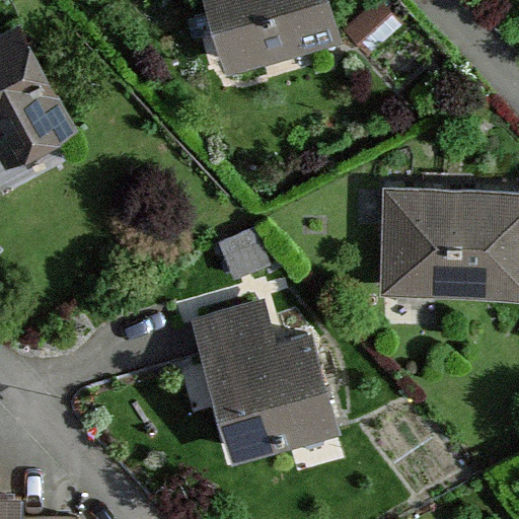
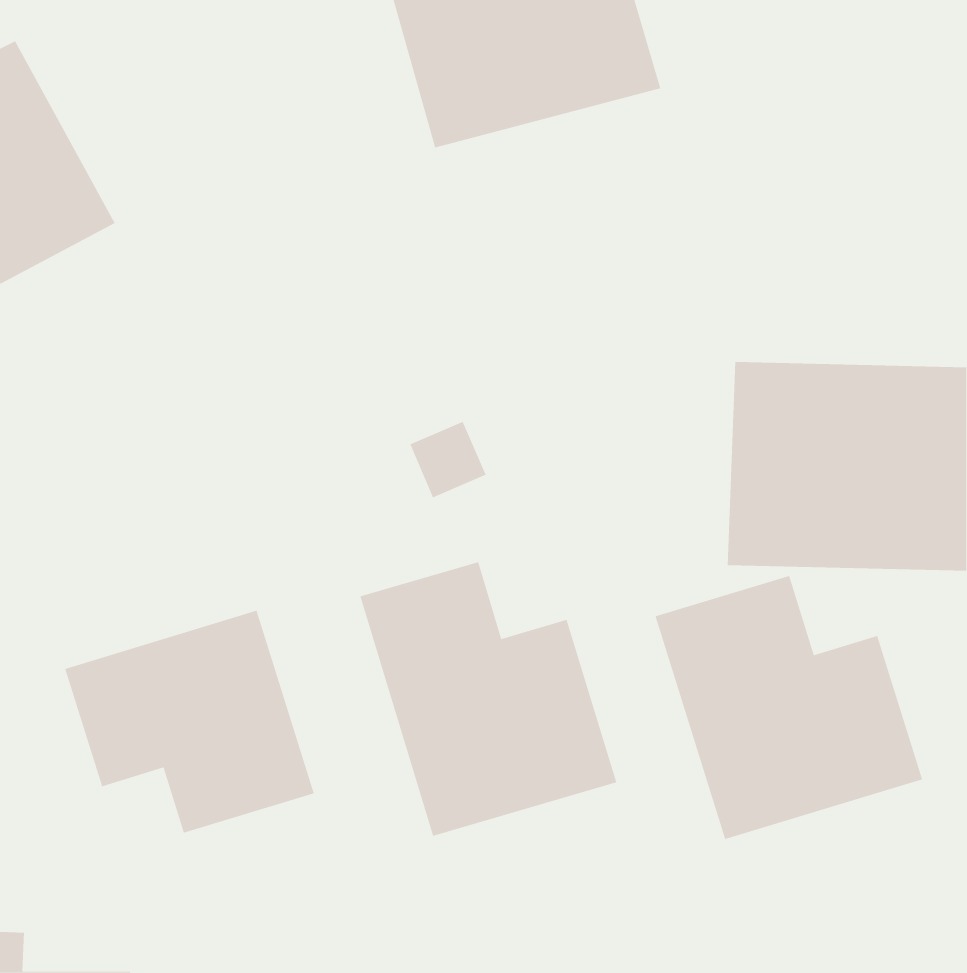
building: none -> [655,575,923,840]
building: none -> [65,610,315,833]

